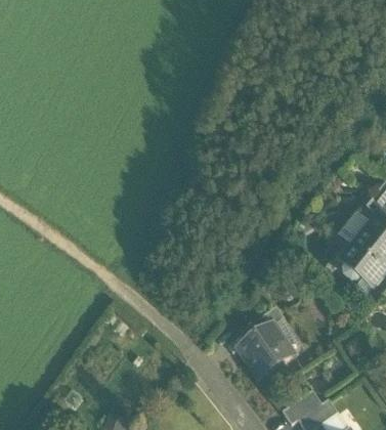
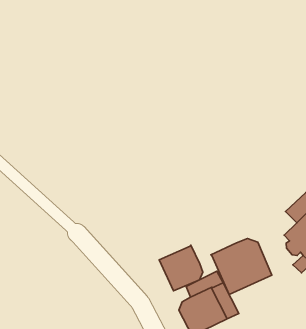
building: none -> [211,238,272,295]
building: none -> [159,245,203,291]

